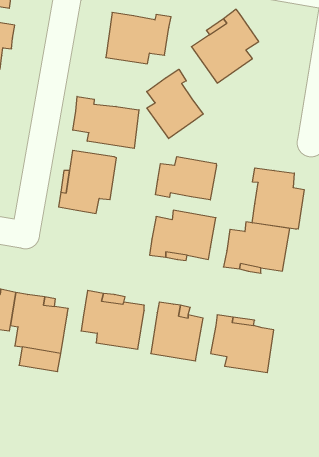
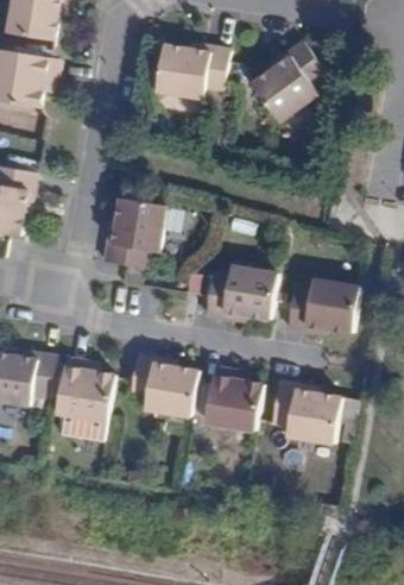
building: [147,69,203,139] -> none
building: [73,96,139,148] -> none
building: [156,157,216,200] -> none
building: [252,168,304,229] -> none

